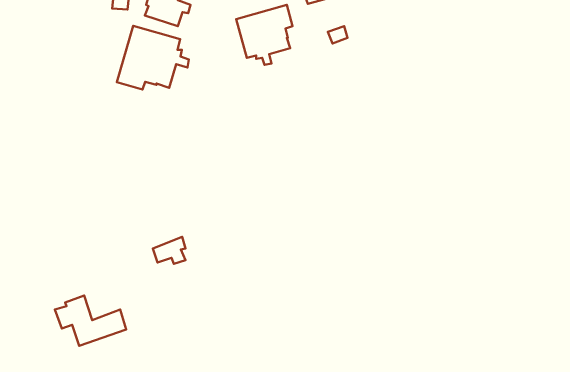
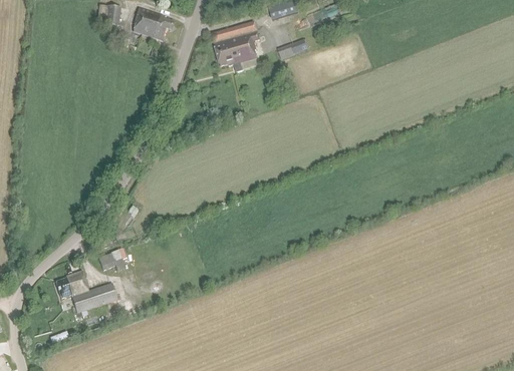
building: [117,26,189,90] -> none
building: [153,237,186,264] -> [99,247,127,270]

